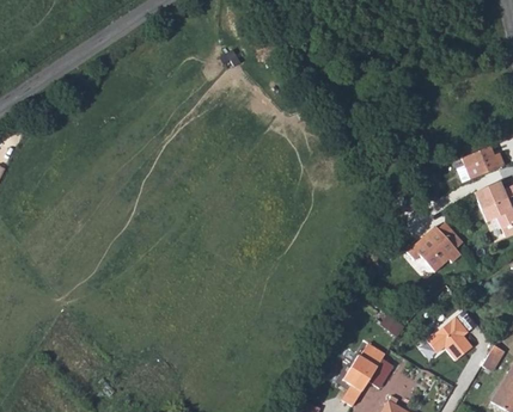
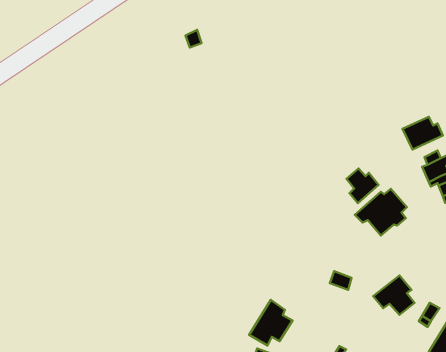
building: none -> [347,168,379,203]
building: [347,343,395,393] -> [249,300,293,346]

